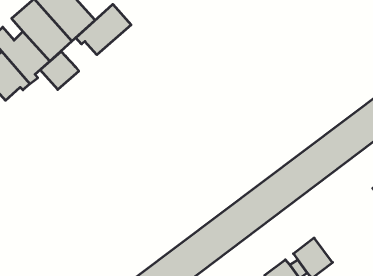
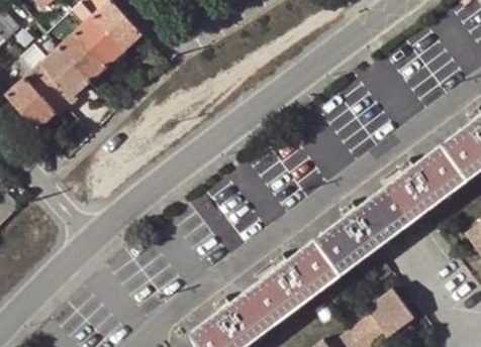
building: [76,4,131,55] -> none
building: [40,51,79,90] -> none

